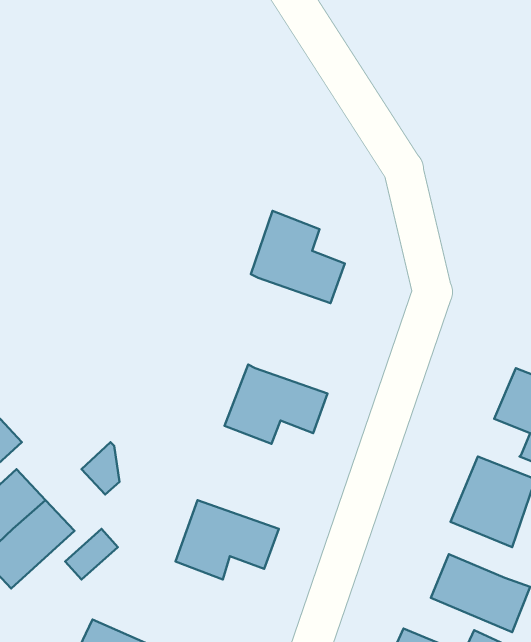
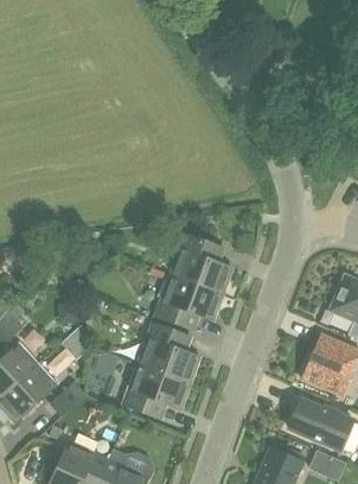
building: [251,211,345,303] -> [170,233,231,293]
building: none -> [136,321,199,382]

